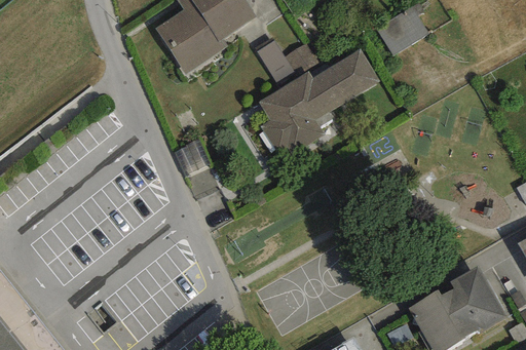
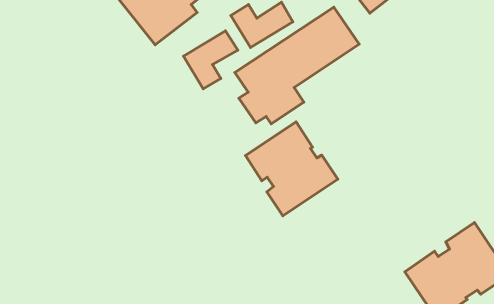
building: none -> [183,31,238,89]
building: none -> [245,122,338,216]

